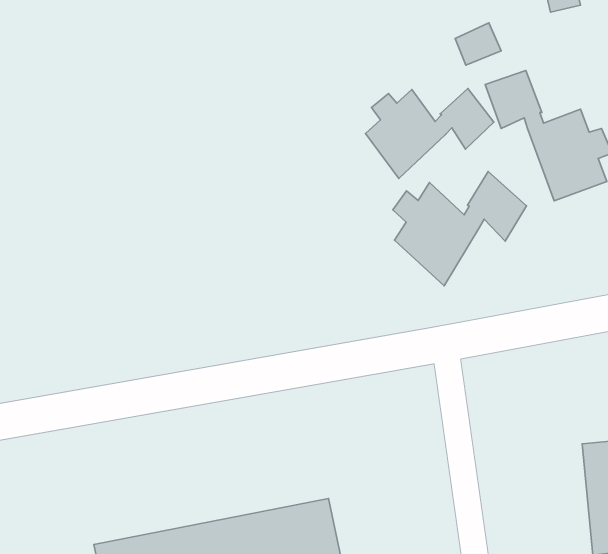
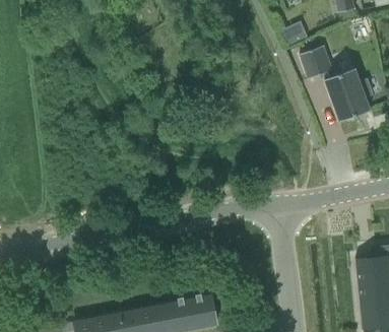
building: [365,88,494,178] -> none
building: [393,172,526,286] -> none

